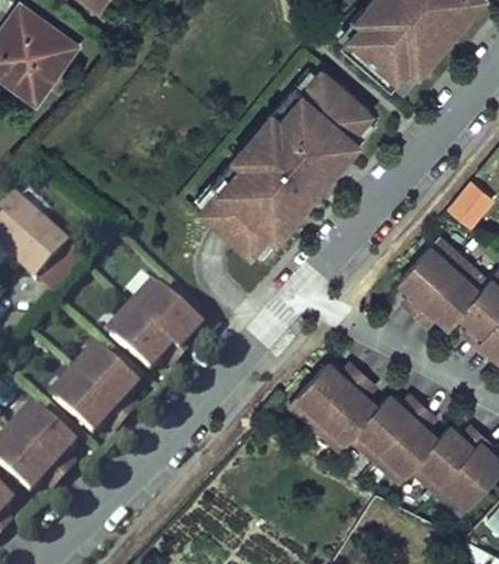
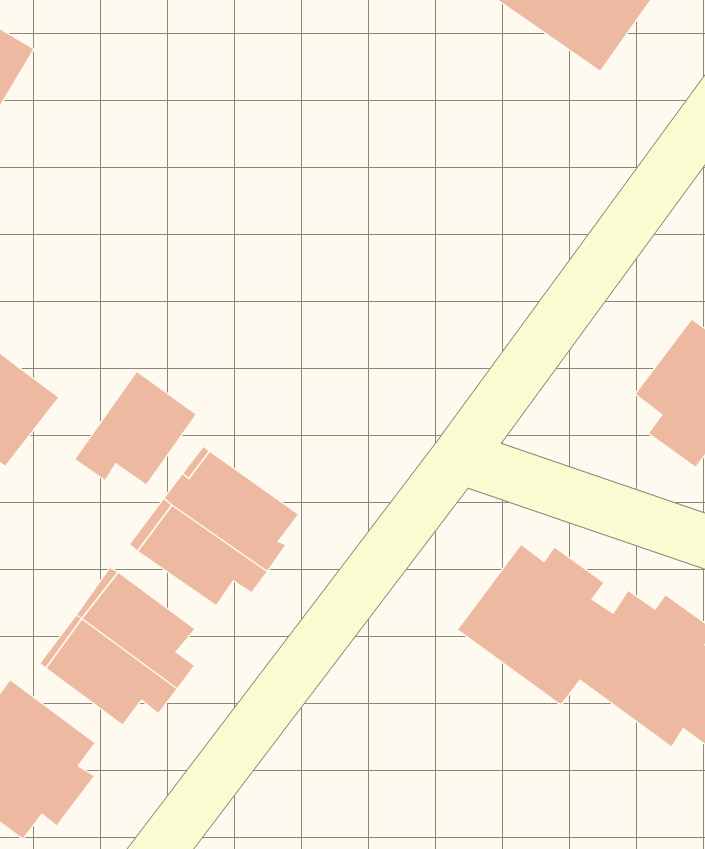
building: [194,63,377,257] -> none
building: none -> [74,371,196,485]

